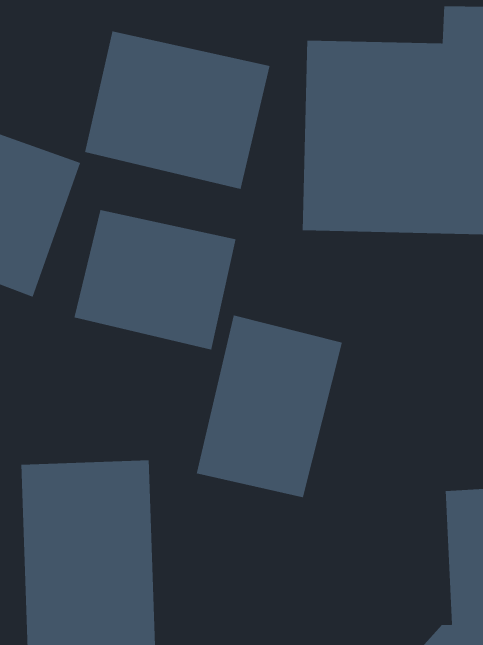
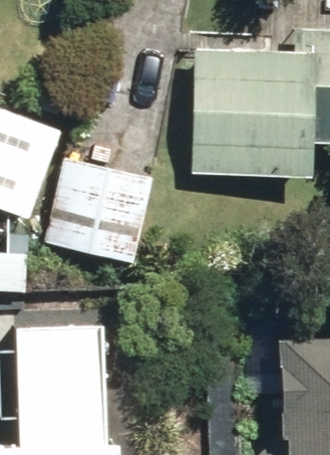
building: [84,31,271,190] -> none
building: [196,315,343,498] -> none

